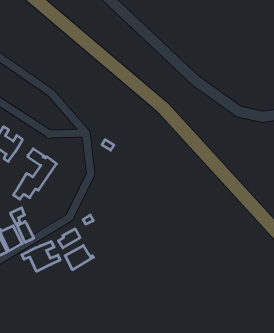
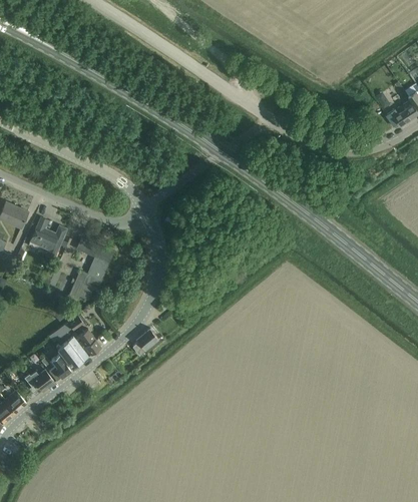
building: [22,241,60,271] -> none
building: [65,245,94,270] -> none

